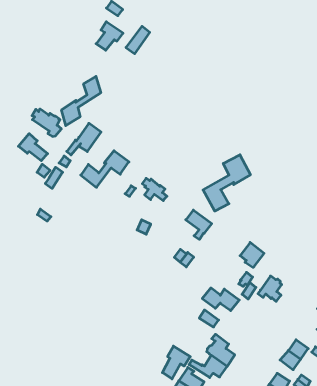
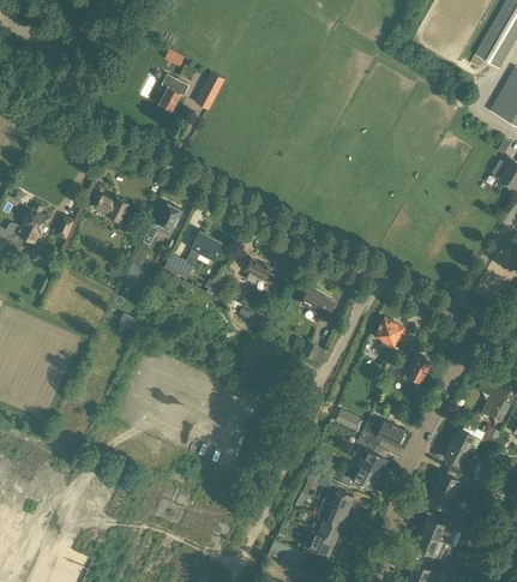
building: [62,76,101,126] -> none
building: [18,134,48,161] -> none
building: [203,155,250,211] -> none
building: [202,288,239,311] -> [359,421,404,446]
building: [162,346,190,379] -> none

